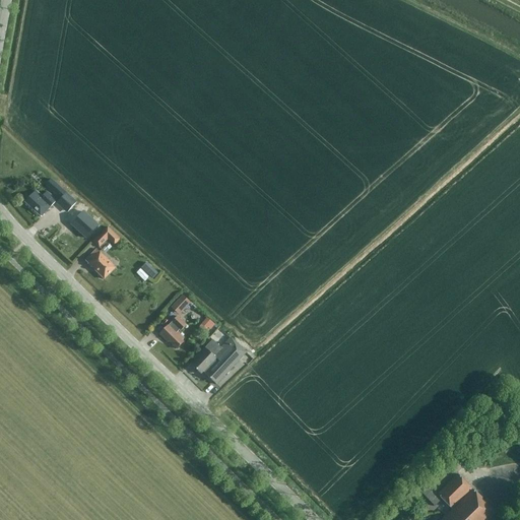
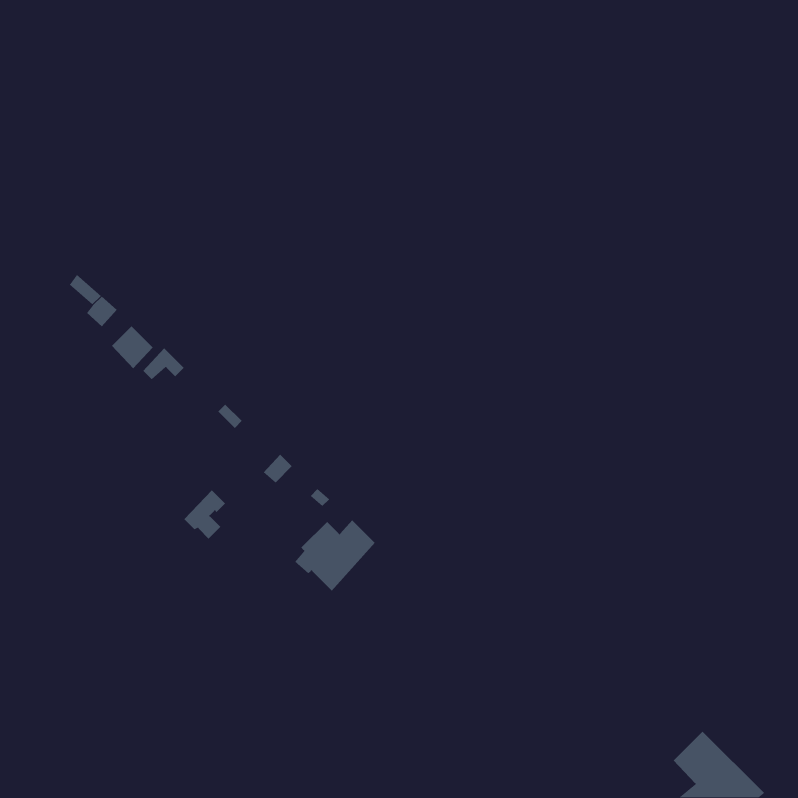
building: [24,190,56,216] -> none
building: [84,249,115,278] -> none
building: [158,315,186,347] -> [184,489,226,539]

